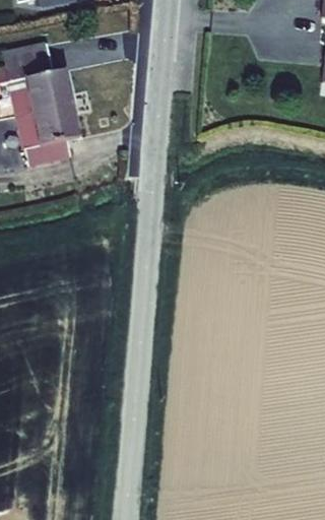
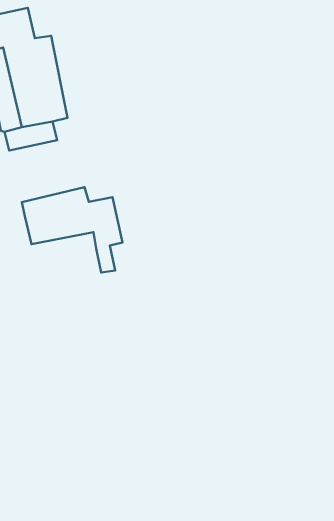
building: none -> [22,187,122,273]

